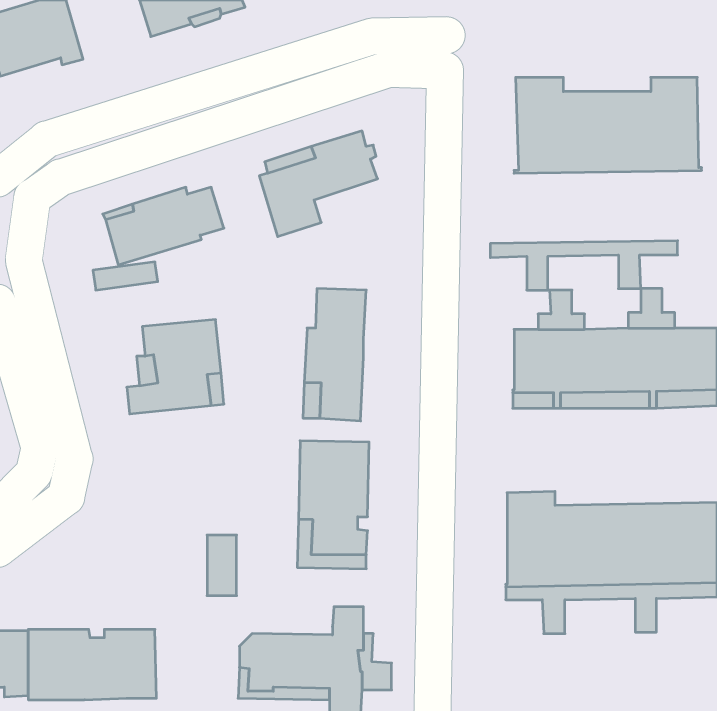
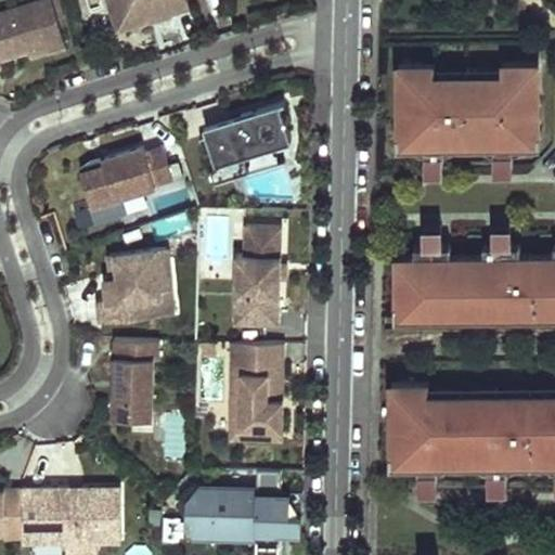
building: [490,241,678,290] -> [396,138,540,176]
building: none -> [112,343,159,422]

